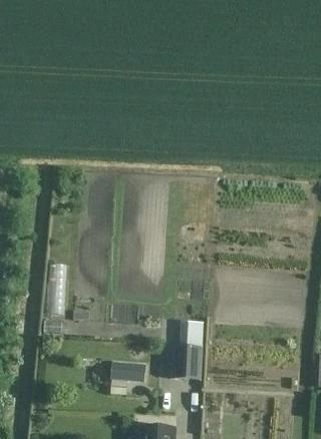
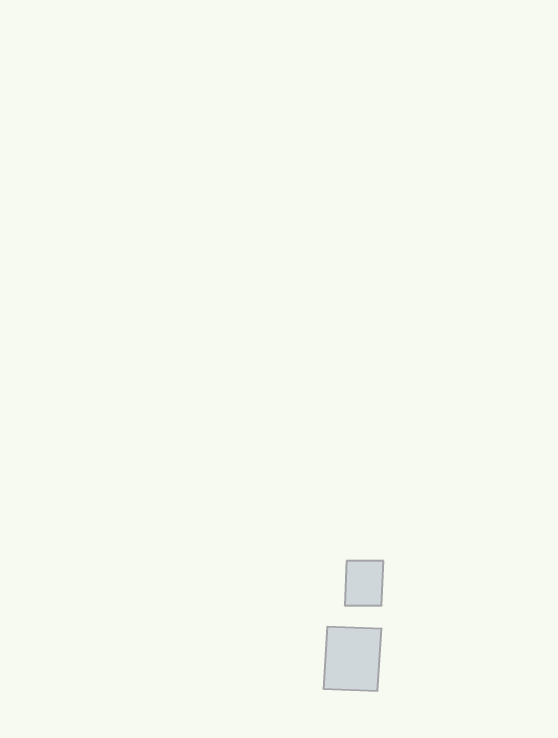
building: [111,361,144,383] -> none

